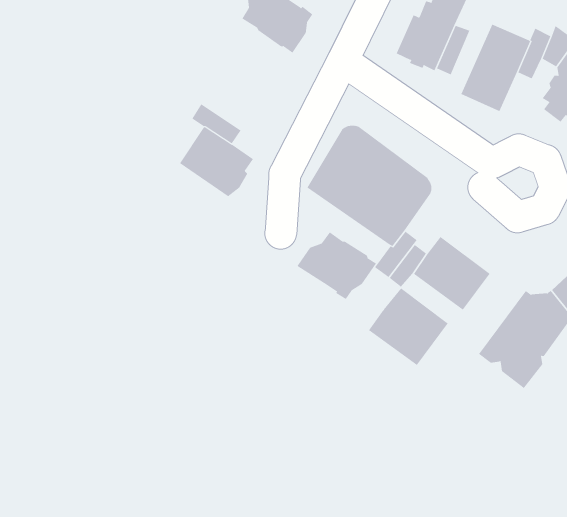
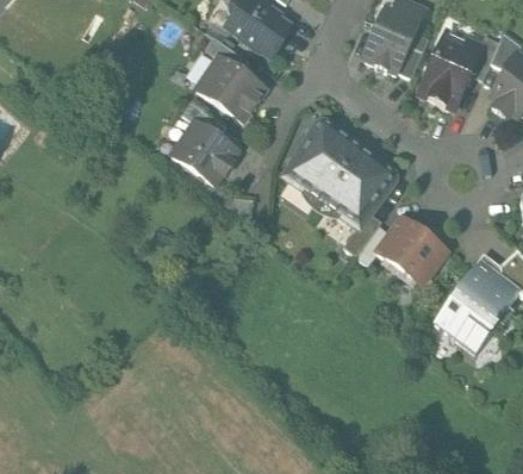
building: none -> [195,55,263,119]
building: [297,231,377,300] -> none
building: [368,287,448,366] -> none

